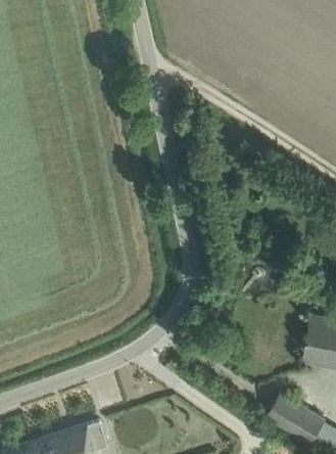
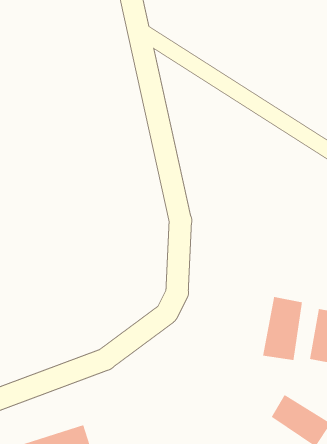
building: none -> [263,296,302,361]

